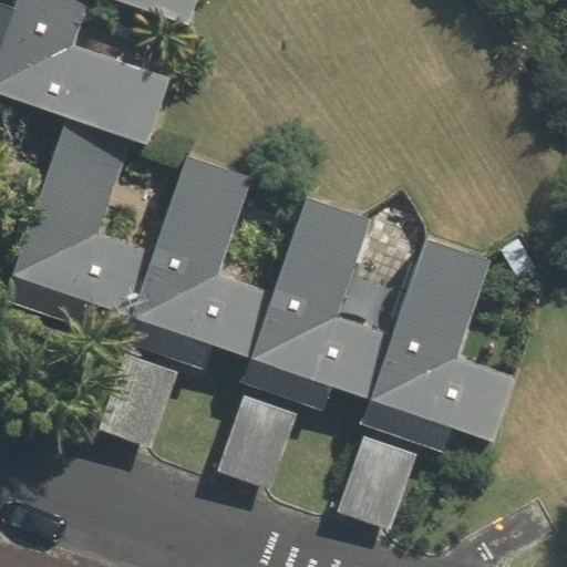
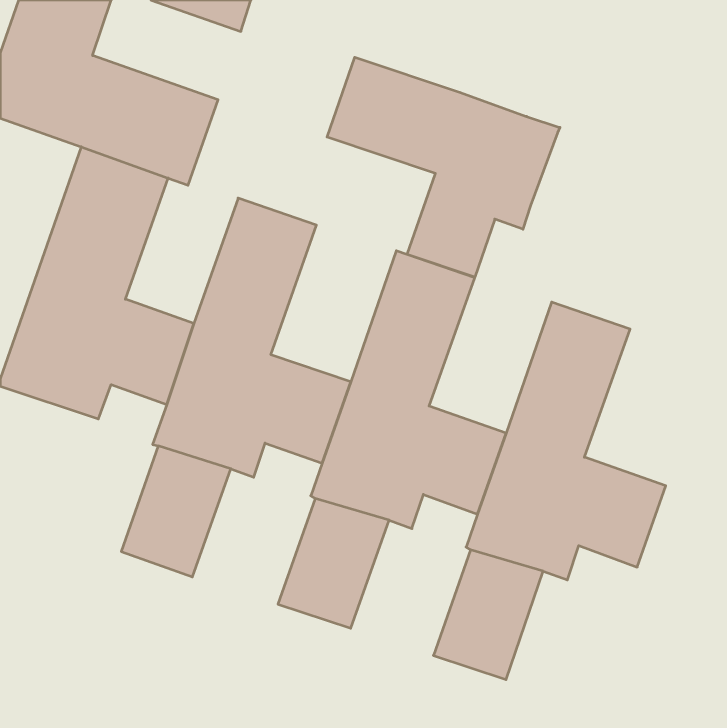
building: none -> [327,57,560,277]

